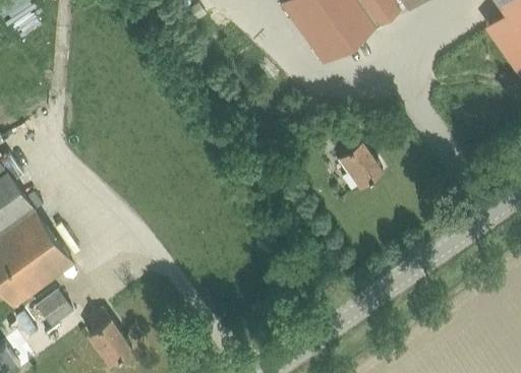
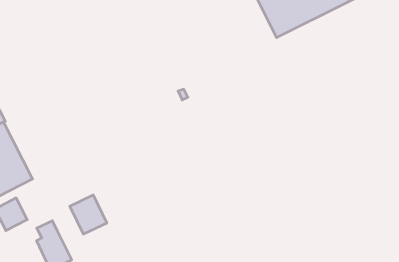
building: [337,133,382,189] -> none
building: none -> [70,195,107,234]

